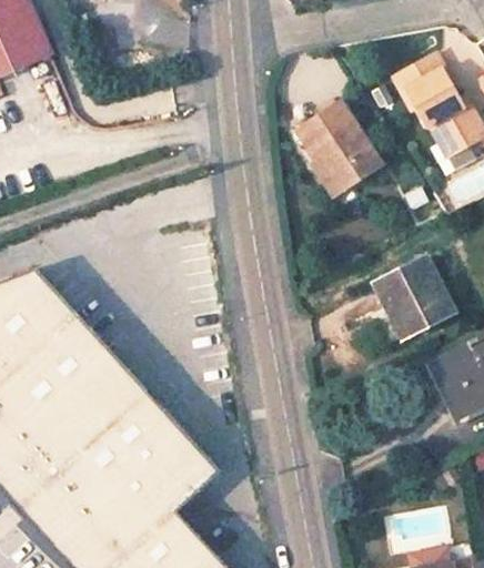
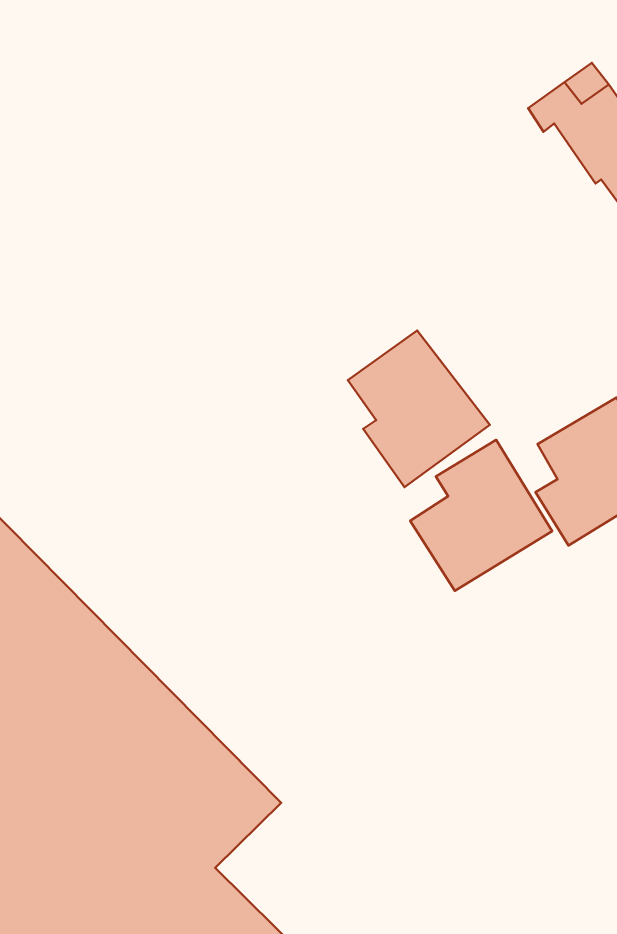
building: [304,111,384,201] -> [348,330,490,487]
building: none -> [410,440,552,591]

